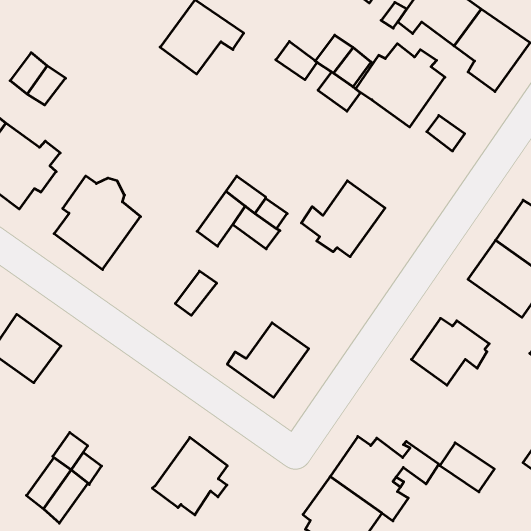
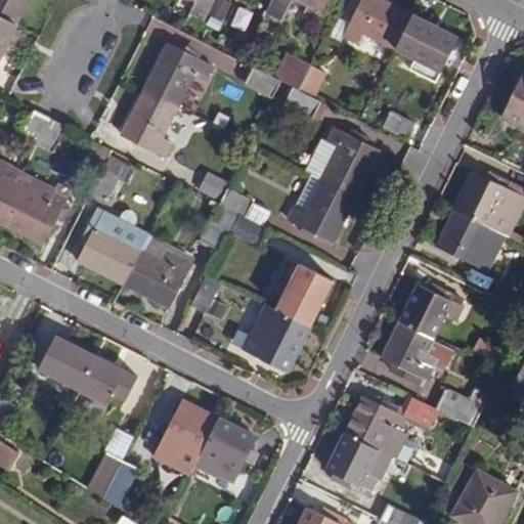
building: [356,44,445,127] -> [305,127,380,196]
building: none -> [119,88,181,172]
building: none -> [90,155,133,203]
building: none -> [123,235,191,308]
building: none -> [274,258,333,326]
building: none -> [79,356,137,405]
building: none -> [381,322,451,384]
building: none -> [159,399,219,464]

